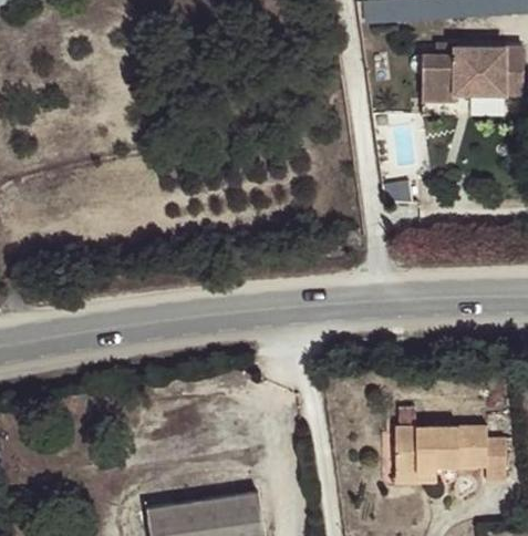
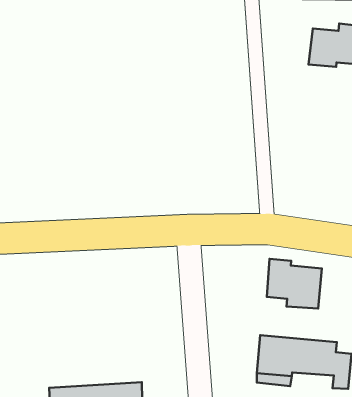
building: none -> [267,259,322,308]

